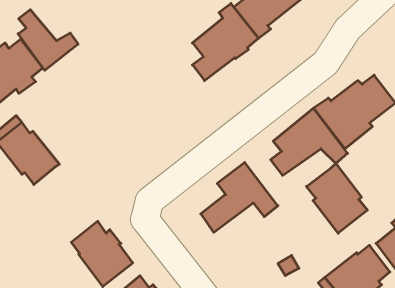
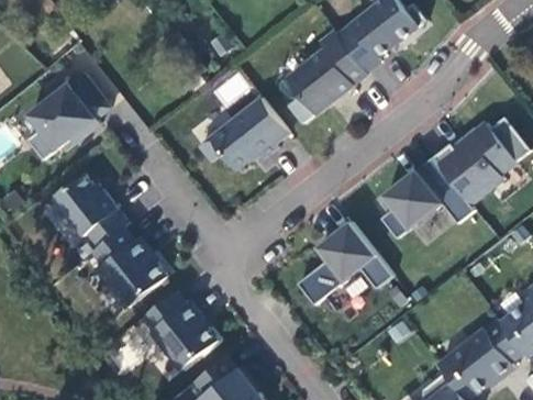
building: [18,10,78,70] -> none
building: none -> [199,98,288,170]
building: [306,163,367,233] -> none
building: none -> [91,226,165,308]

